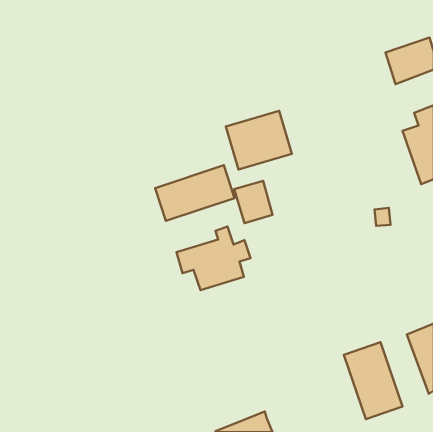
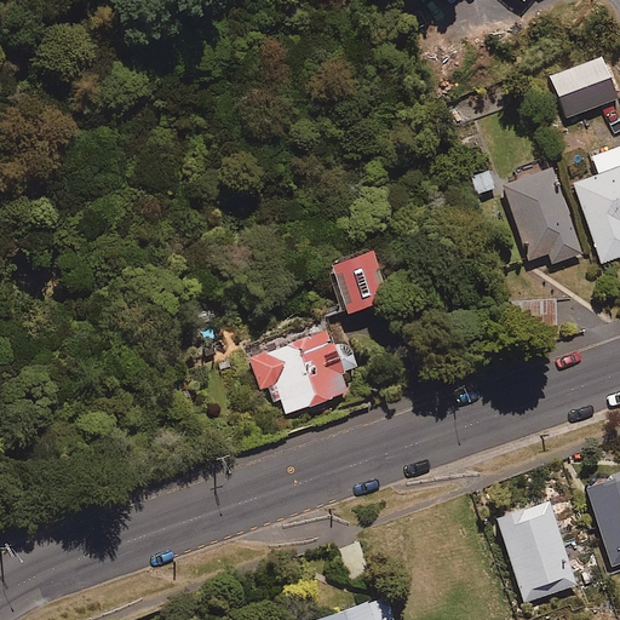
building: [226,111,292,170] -> none
building: none -> [504,170,582,264]
building: [155,165,235,221] -> none

